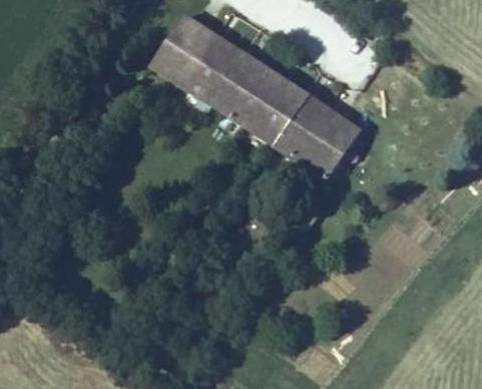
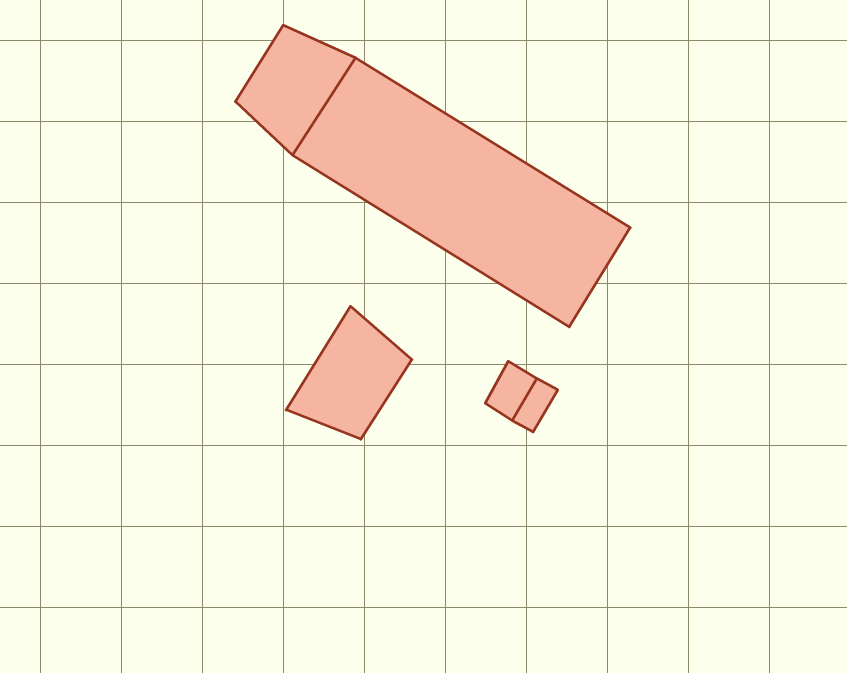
building: none -> [286,306,412,439]

